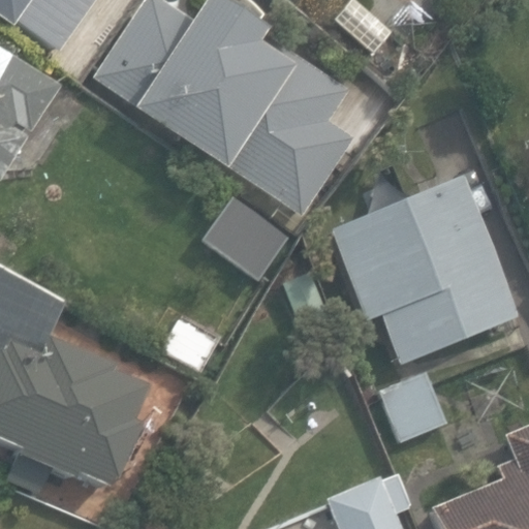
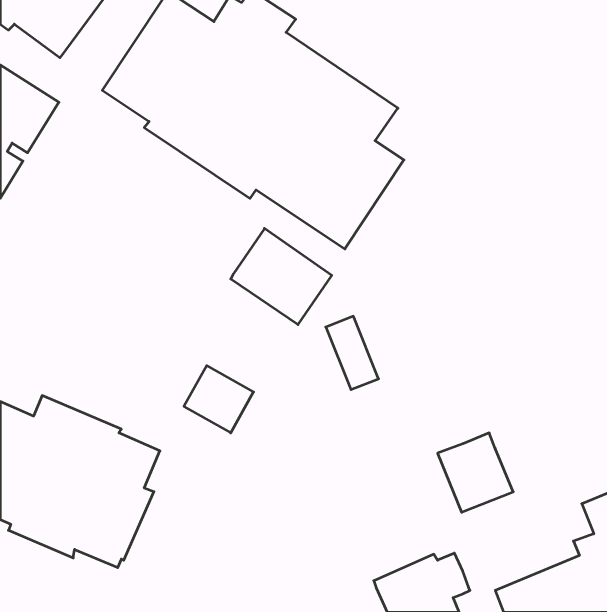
building: [328,176,516,364] -> none

